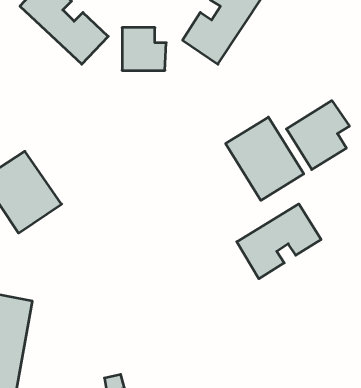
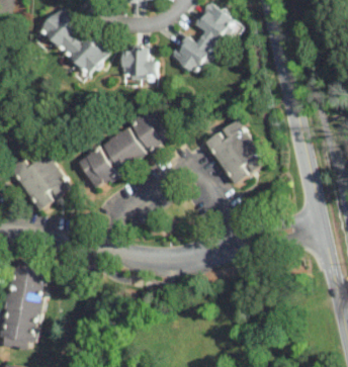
building: [286,101,349,170] -> none
building: none -> [77,109,172,189]
building: [237,204,321,279] -> none

